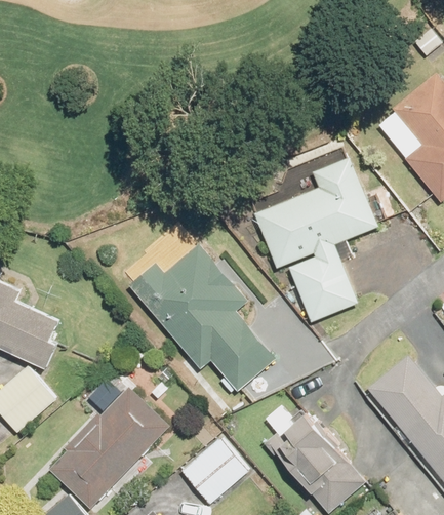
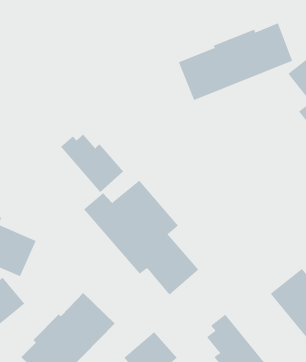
building: none -> [178,23,293,101]
building: [252,156,380,323] -> none
building: none -> [60,134,124,193]

